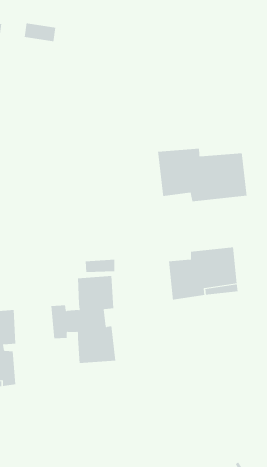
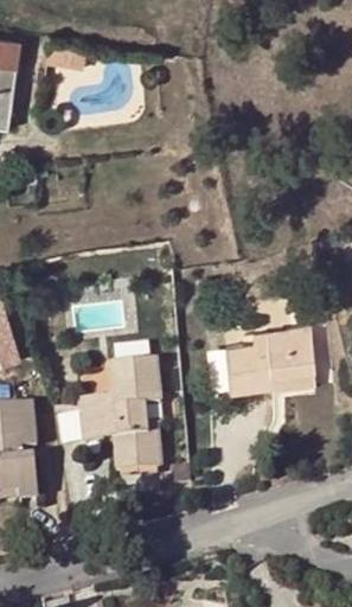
building: [157,148,247,202] -> none

